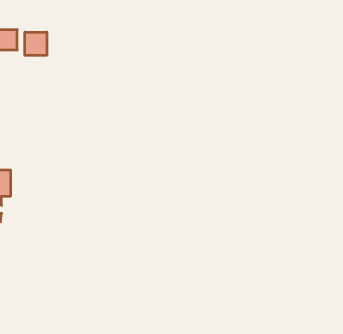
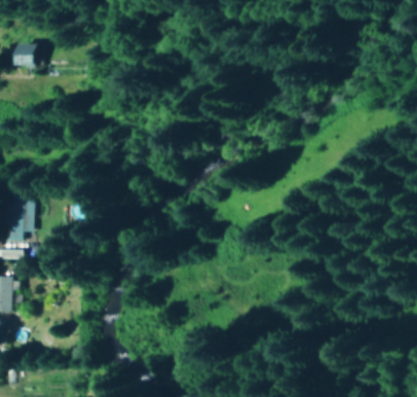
building: [25,32,47,55] -> none

